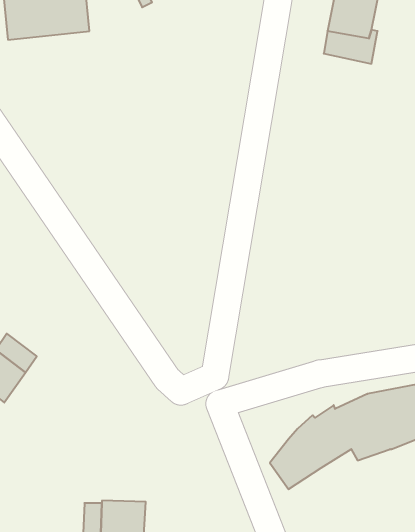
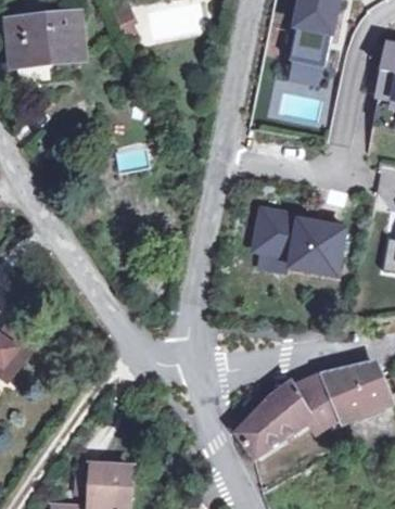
building: none -> [252,206,344,273]

